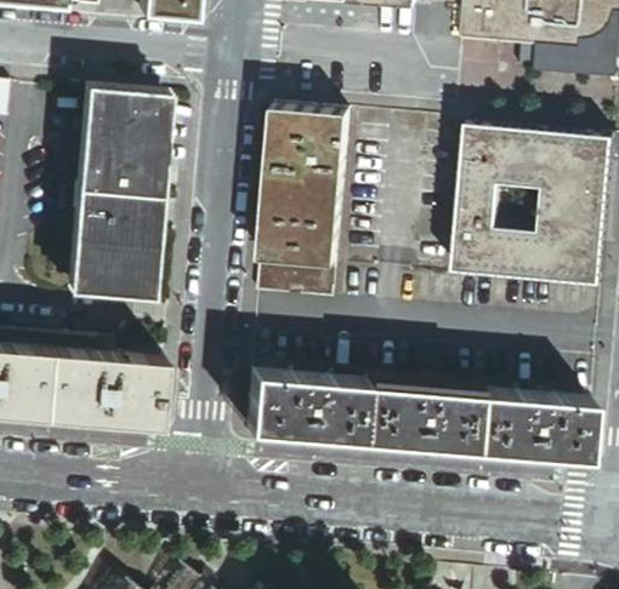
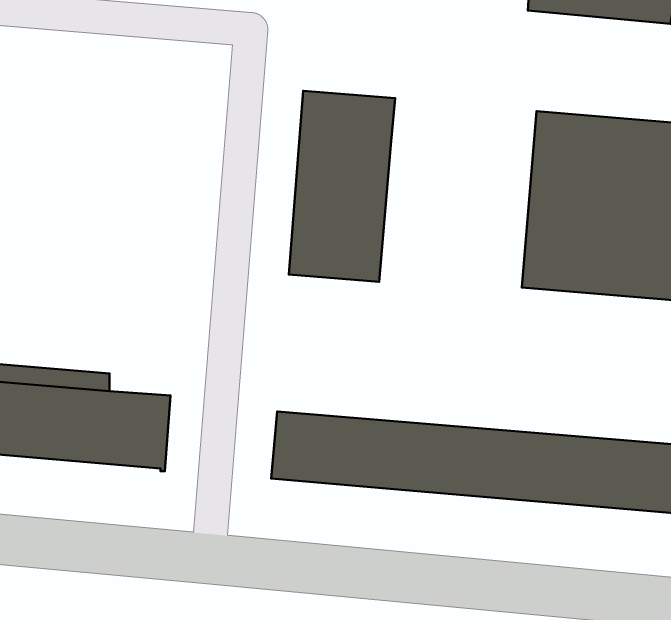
building: [70,96,163,297] -> none
building: [256,264,335,307] -> none

